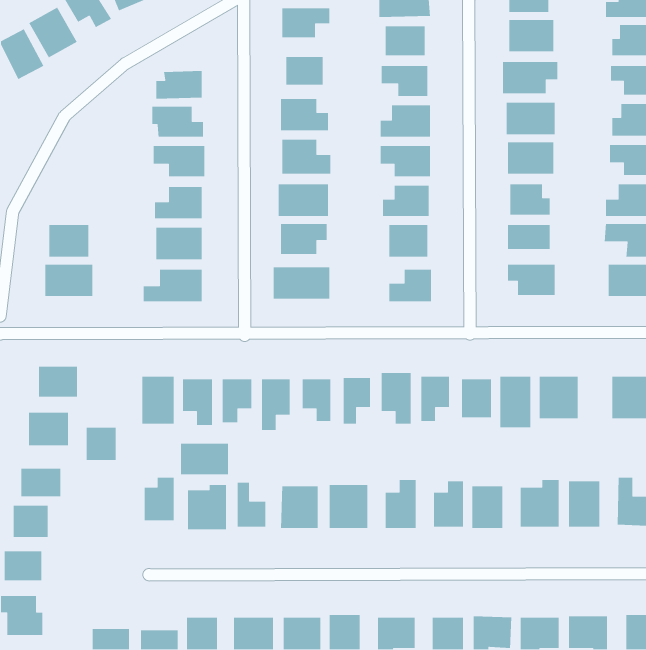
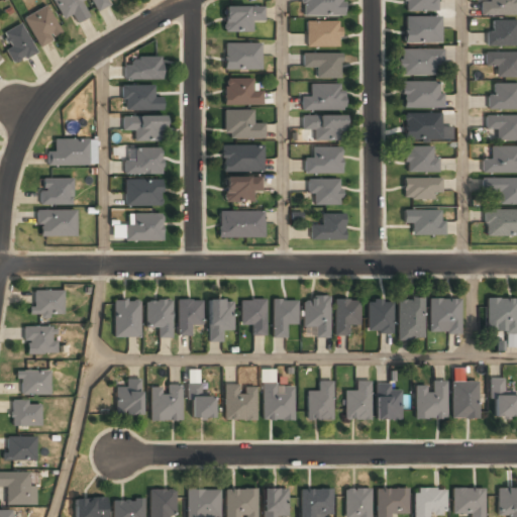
building: none -> [48,138,90,165]
building: [86,427,116,461] -> none
building: [180,443,229,475] -> none

